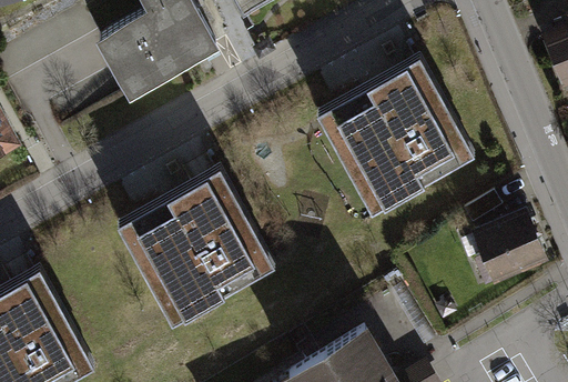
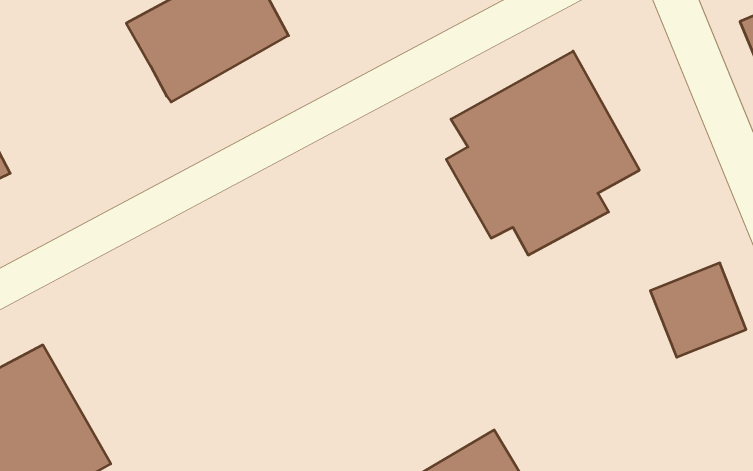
building: [129,170,268,318] -> none

